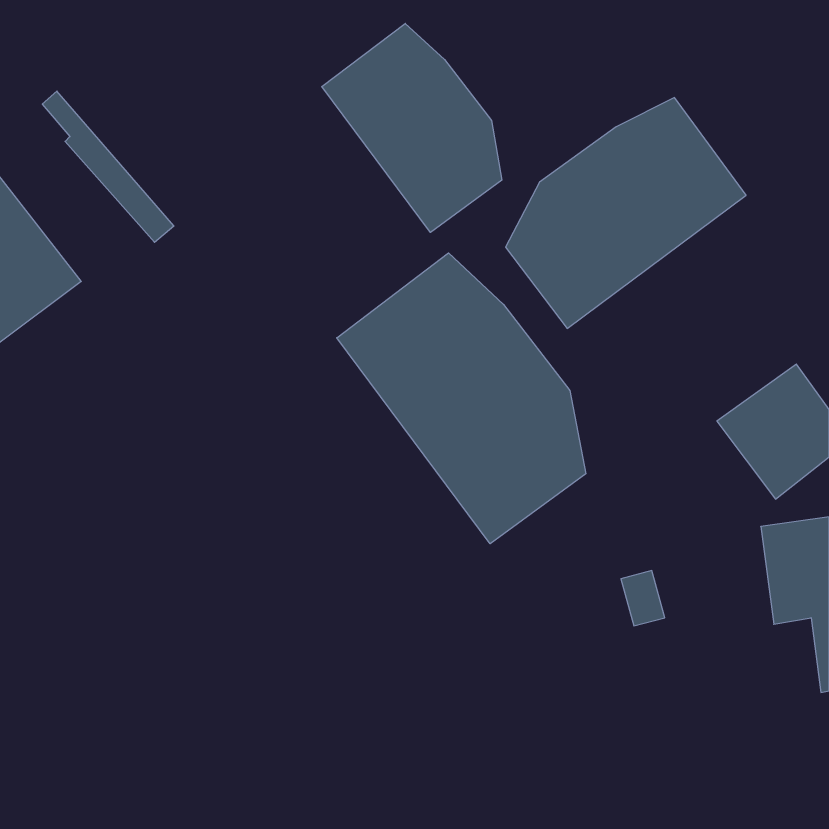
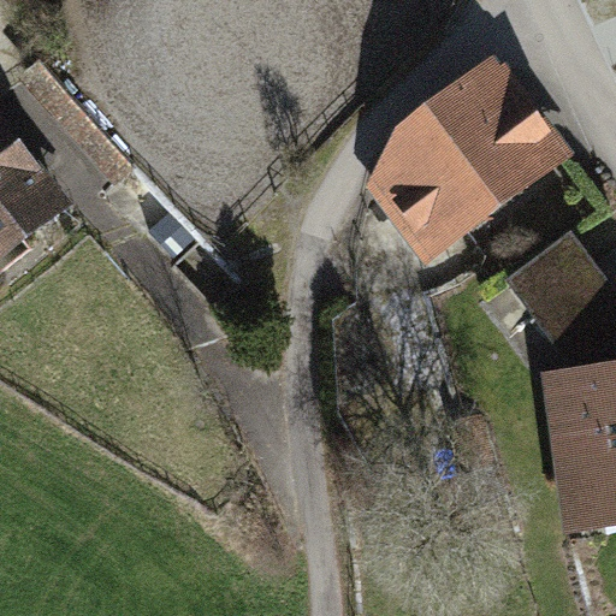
building: [322,23,502,232] -> none
building: [337,253,586,544] -> none

